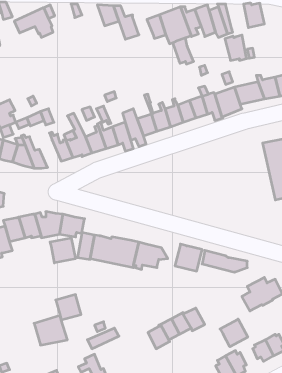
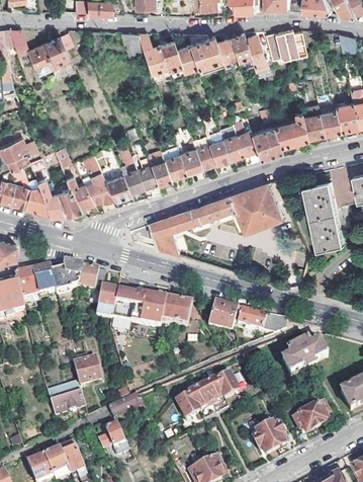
building: [225,35,247,60] -> [264,31,288,60]
building: [173,38,194,64] -> [159,39,182,69]
building: none -> [54,184,81,217]
building: none -> [124,184,285,254]
building: [50,238,75,263] -> none
building: [220,319,248,347] -> none

